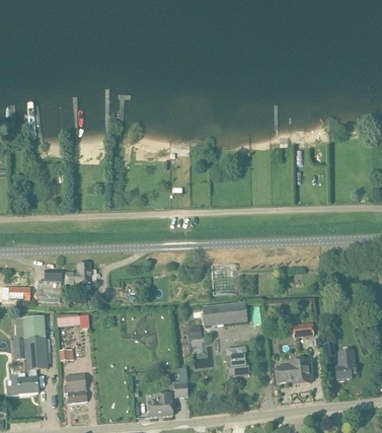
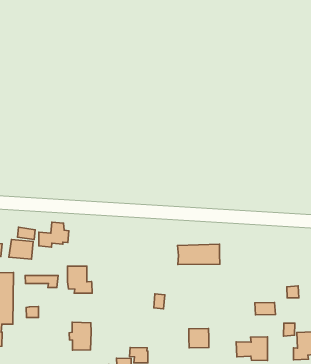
building: [203,301,247,326] -> [178,244,220,264]
building: none -> [68,266,92,293]
building: [64,373,87,403] -> [69,322,91,350]

